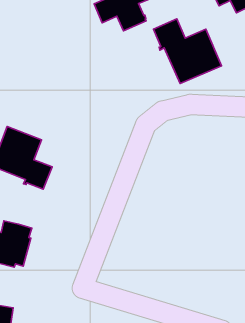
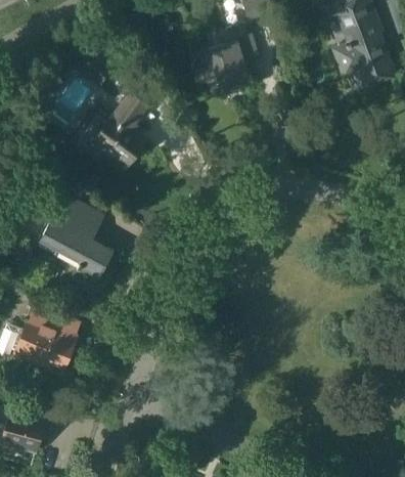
building: [153,19,222,84] -> none
building: none -> [76,96,147,167]

